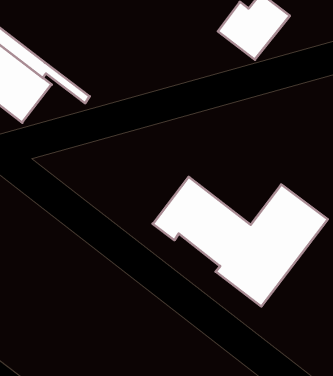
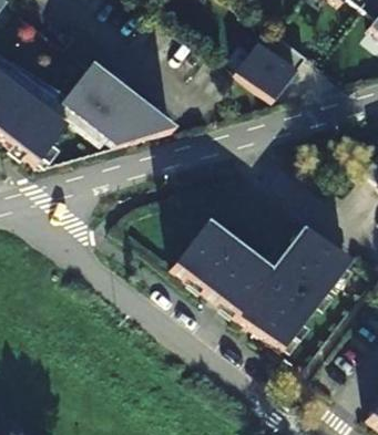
building: none -> [63,62,177,144]

